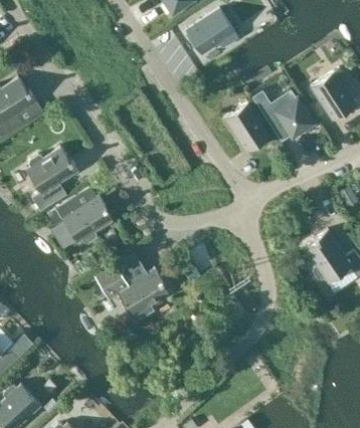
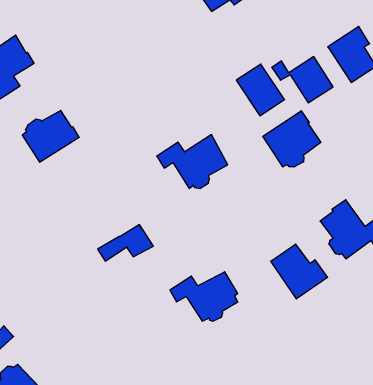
building: none -> [263,111,321,167]
building: [49,194,116,244] -> [157,135,228,188]
building: [104,270,167,316] -> [170,272,238,321]
building: none -> [271,244,328,299]

